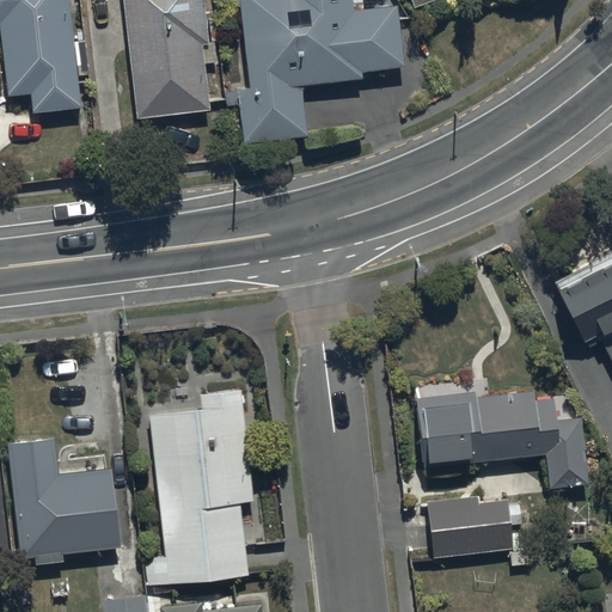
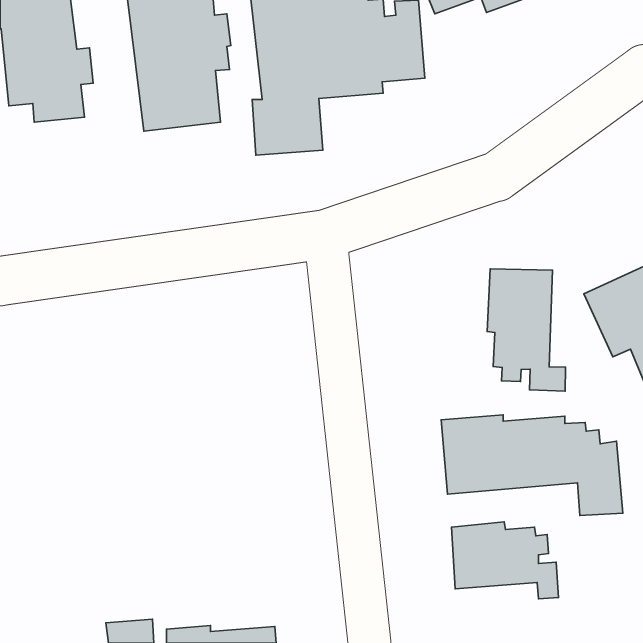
building: none -> [487,269,566,391]
building: [136,381,251,575] -> none
building: [6,427,120,551] -> none

